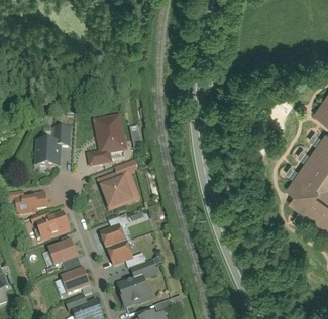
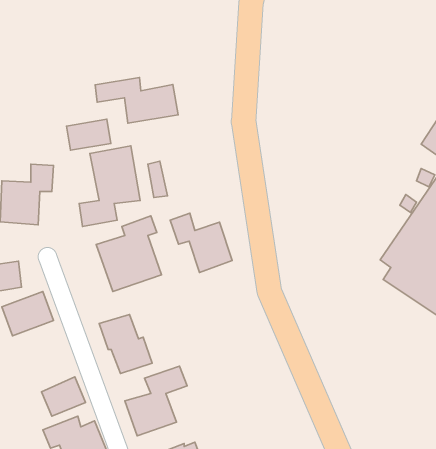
building: none -> [95,77,178,123]
building: none -> [66,119,111,150]
building: none -> [170,213,232,273]
building: [48,241,79,268] -> none

